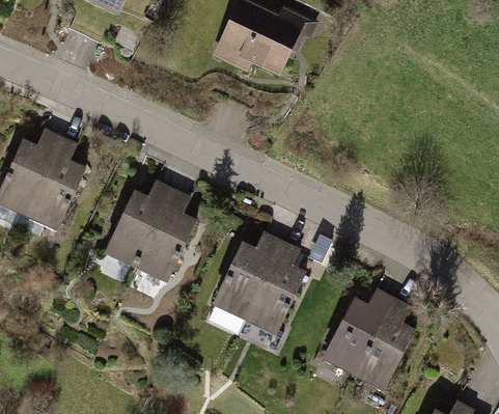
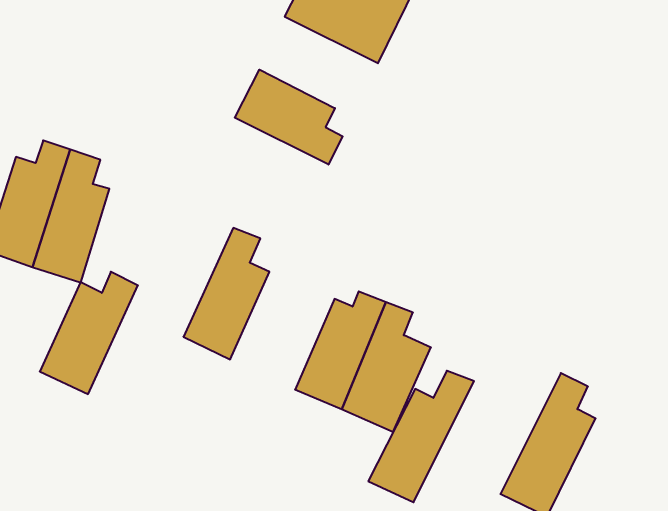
building: none -> [235,70,343,165]
building: [104,183,171,267] -> [40,272,138,394]
building: [324,284,396,375] -> [368,371,474,502]

